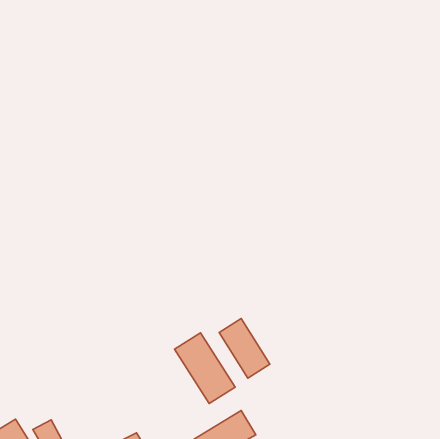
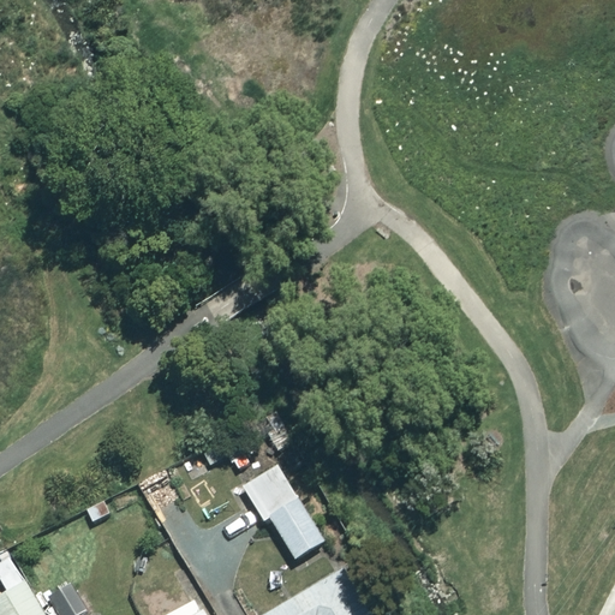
building: [219,319,270,378] -> none

